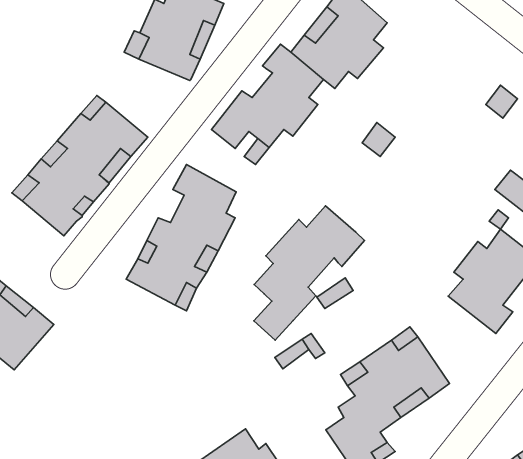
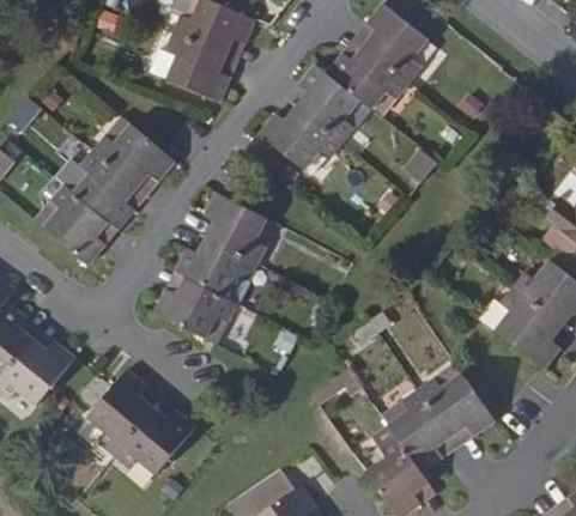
building: [254,206,364,340] -> none
building: none -> [85,369,196,476]

